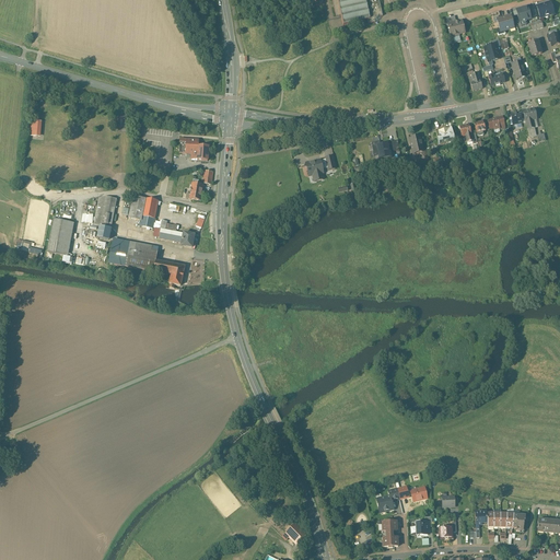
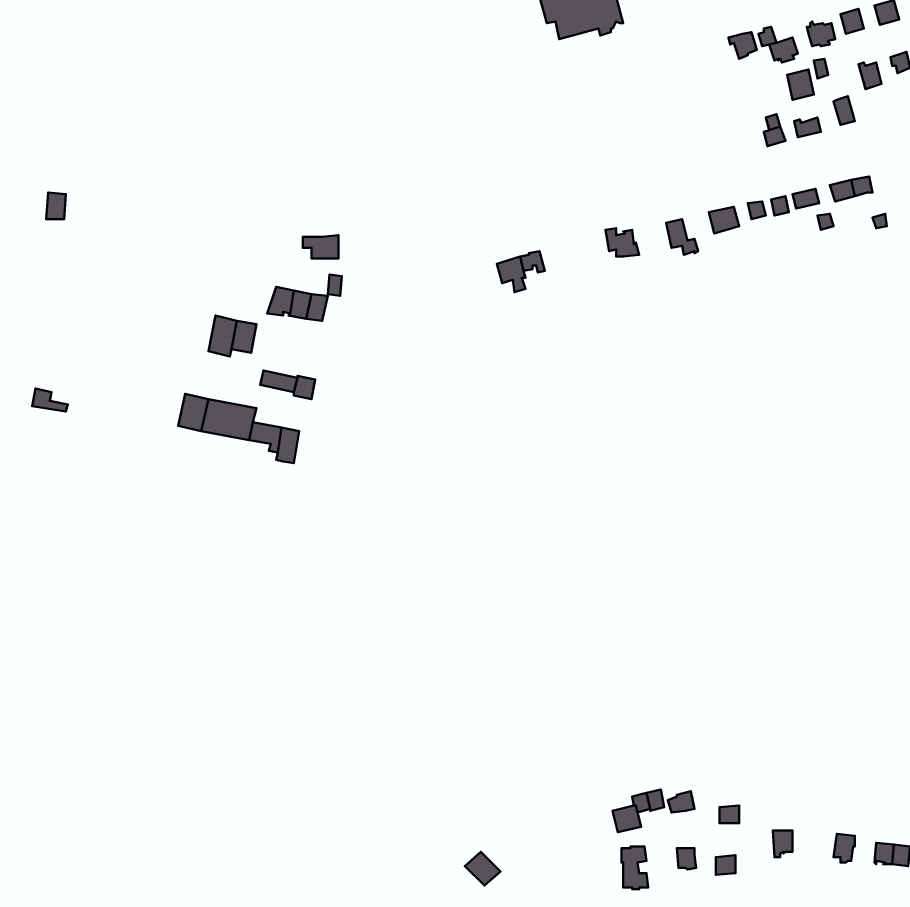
building: [93,195,116,232] -> none
building: [47,218,70,253] -> none

